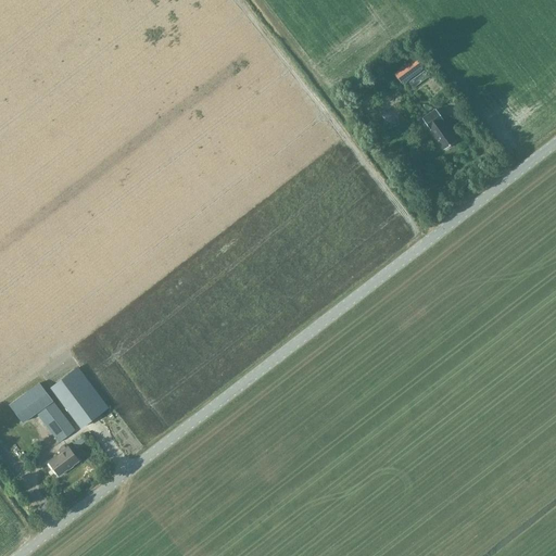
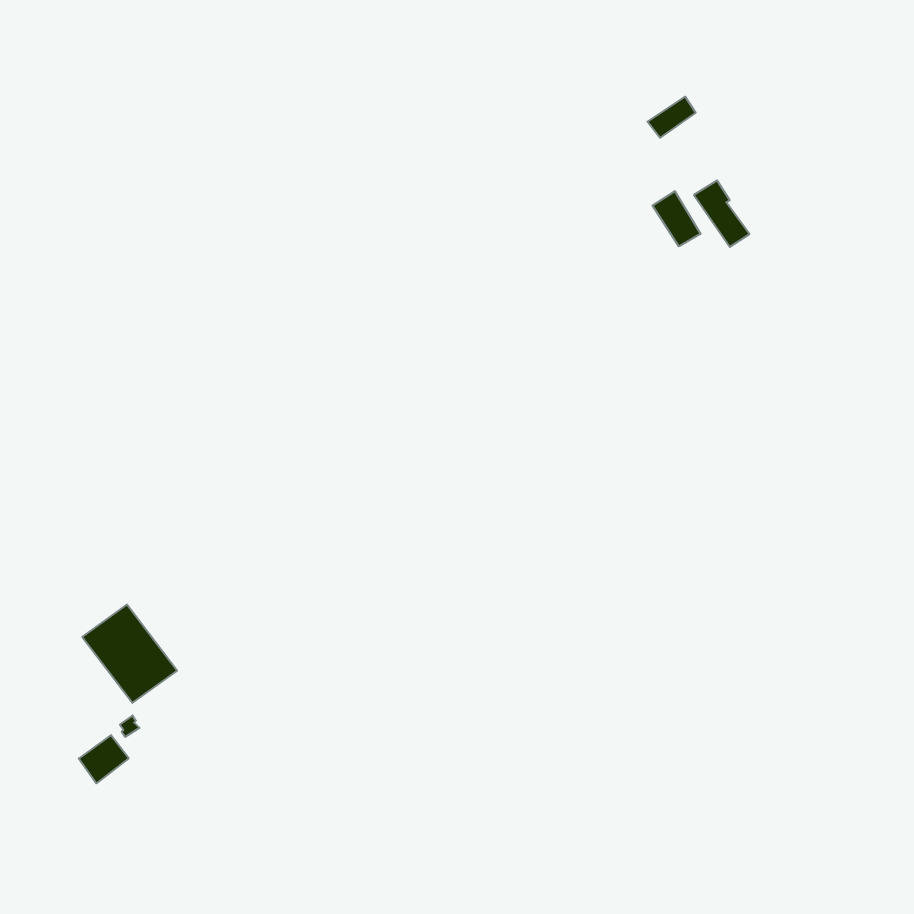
building: none -> [653,191,701,246]
building: [9,382,75,442] -> none

